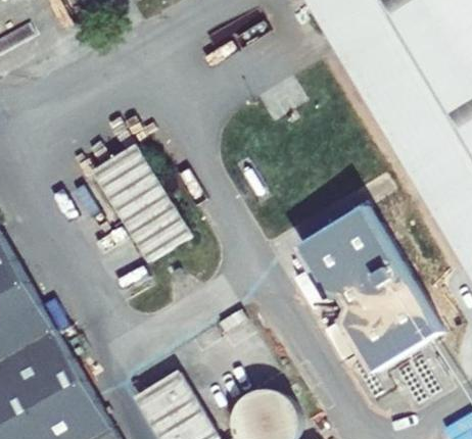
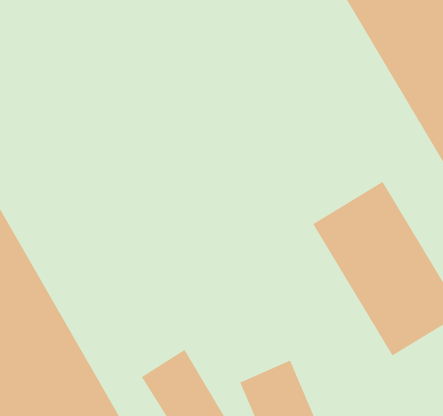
building: [95,145,193,261] -> none

